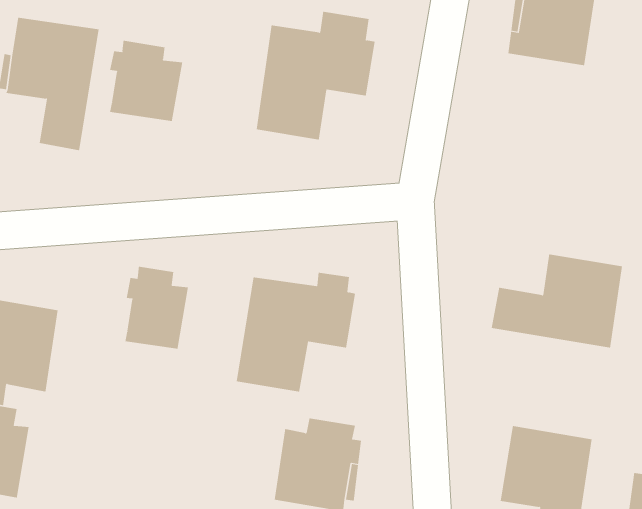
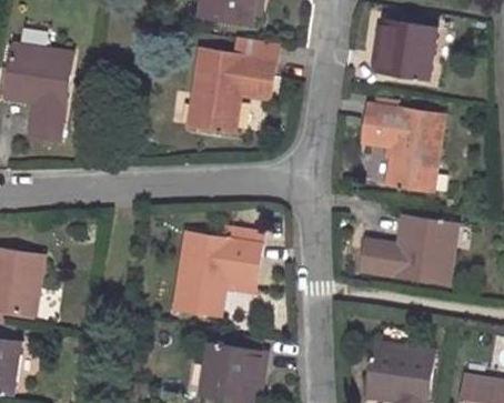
building: [110,40,183,122] -> none
building: none -> [362,99,444,191]
building: [125,266,189,350] -> none

